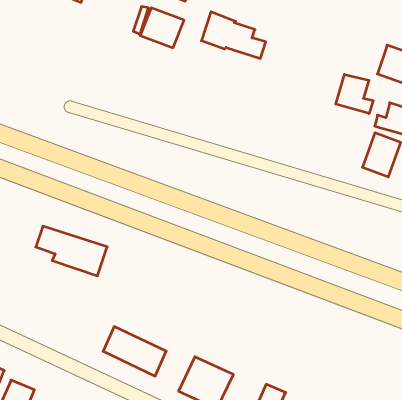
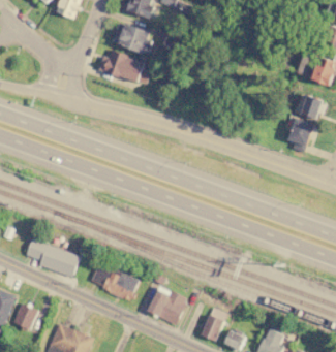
building: [201,12,266,58] -> [104,51,153,86]
building: [336,74,373,114] -> none
building: [36,226,107,276] -> [26,239,80,277]

